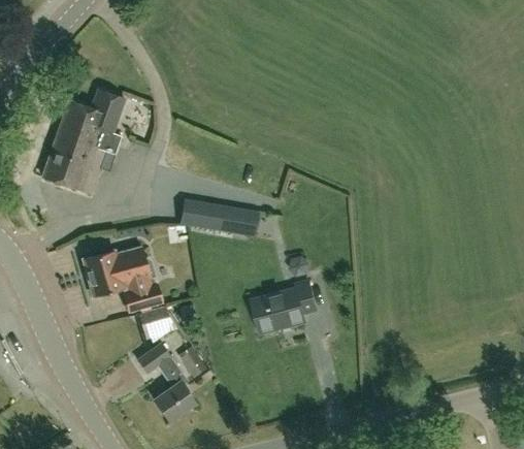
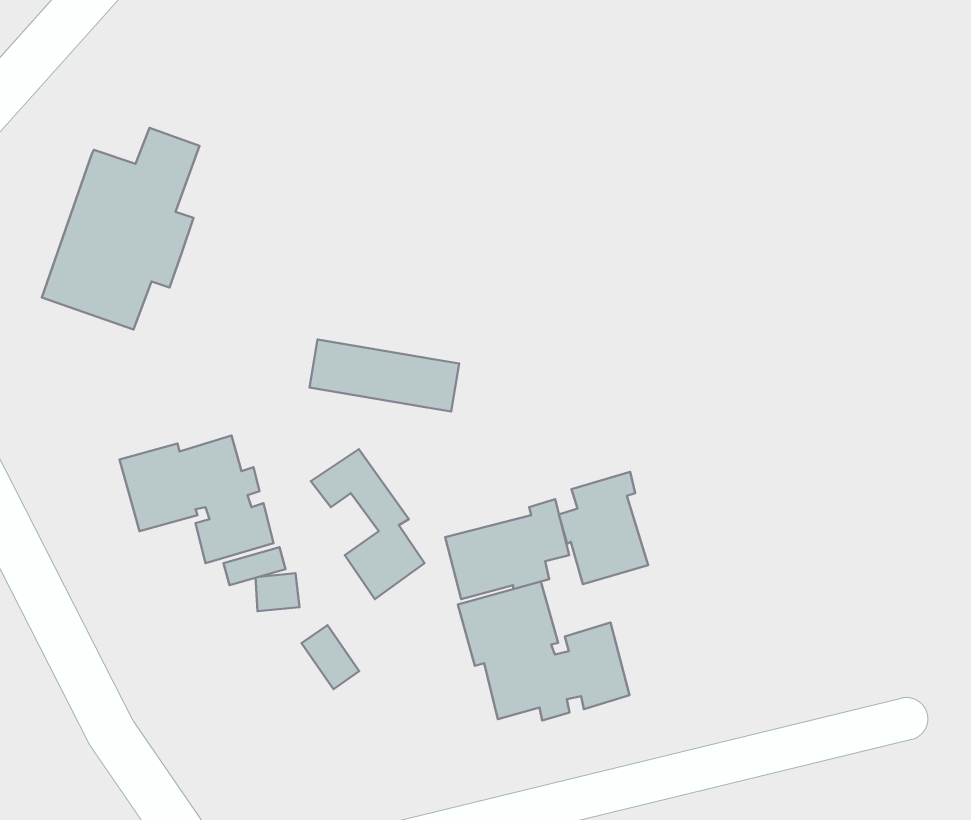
building: none -> [559,472,648,584]
building: none -> [458,581,629,721]
building: [136,344,195,421] -> [311,449,425,599]

